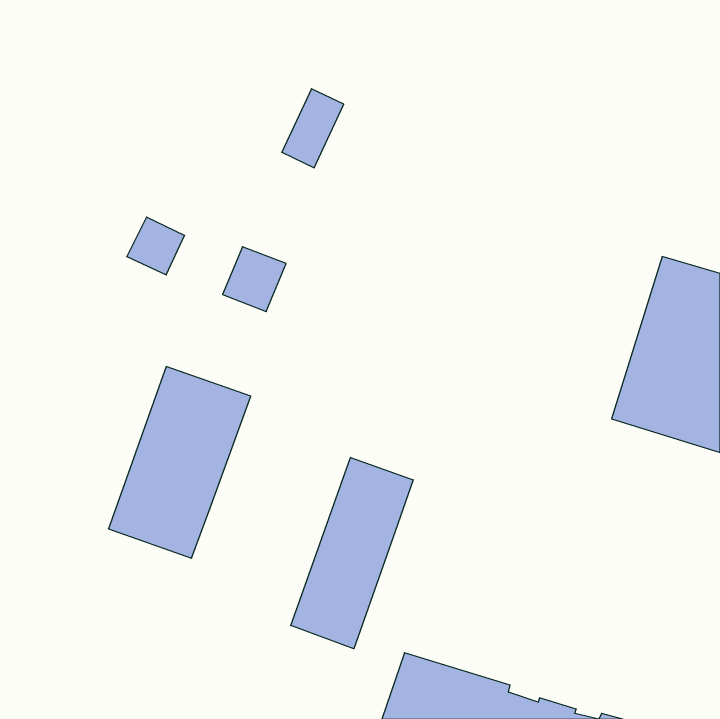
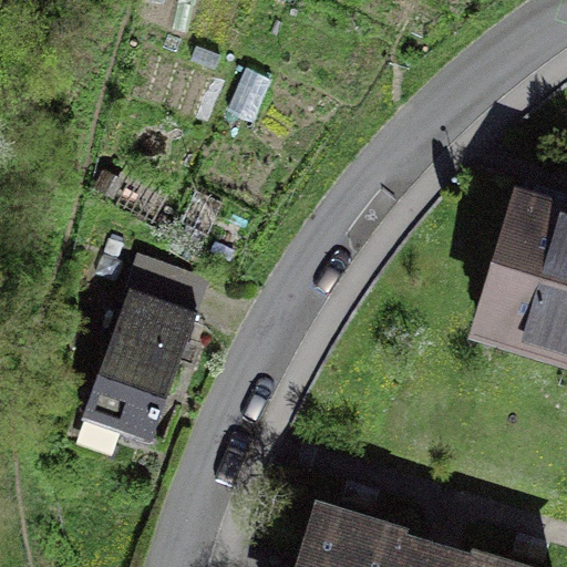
building: [291,457,413,649] -> none

